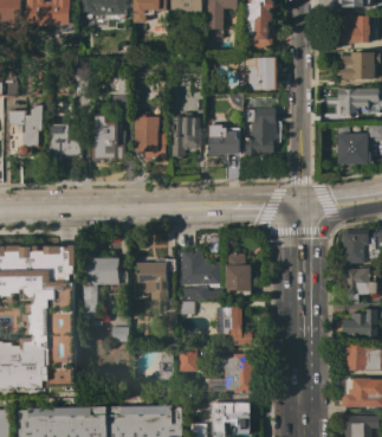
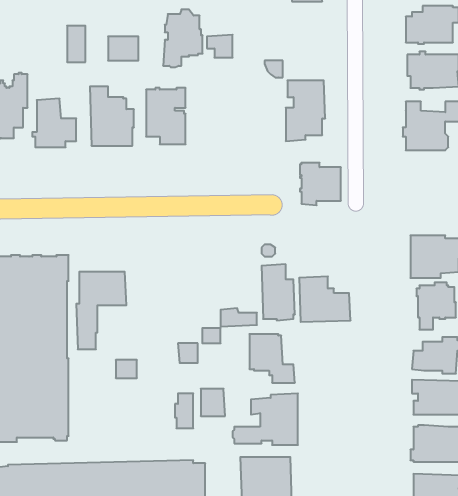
building: [241,57,277,90] -> none
building: [170,113,201,158] -> [163,9,203,67]
building: [207,124,239,158] -> [300,163,341,205]
building: [180,249,220,284] -> [299,276,351,322]
building: [137,258,167,300] -> none

